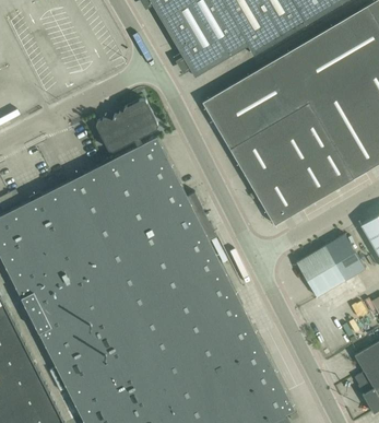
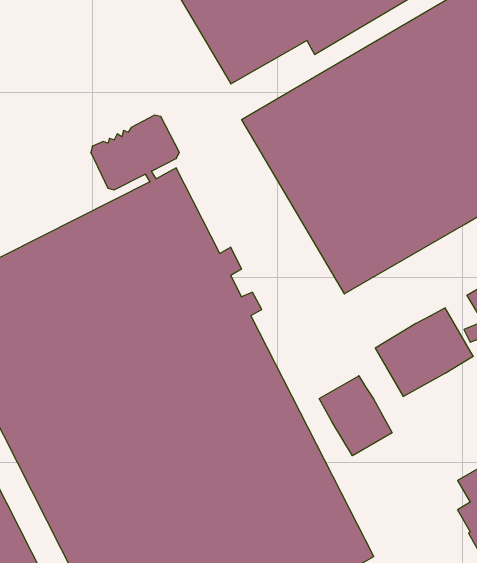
building: none -> [319,376,392,456]

